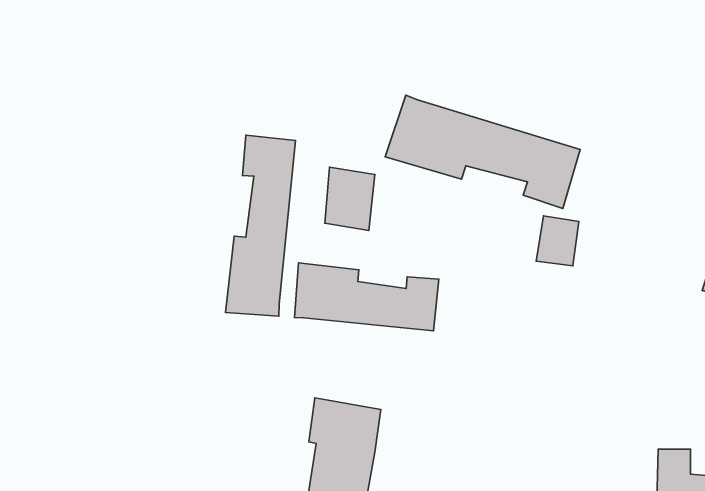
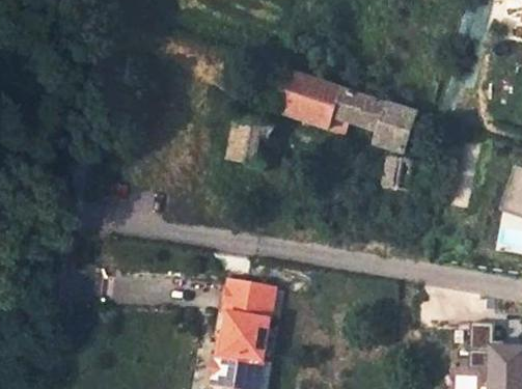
building: [226,135,296,316] -> none
building: [294,263,439,331] -> none

